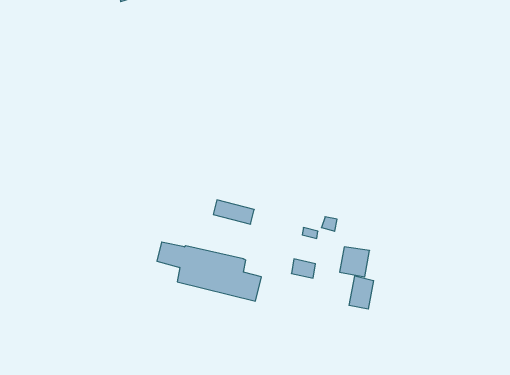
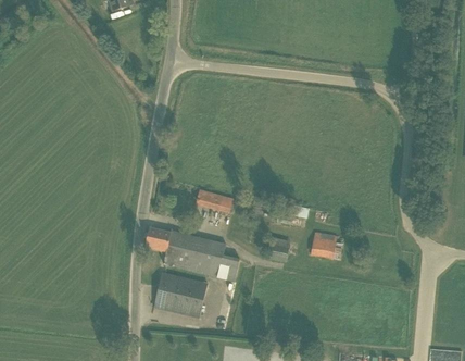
building: [349,276,374,309] -> none
building: none -> [153,271,206,316]

